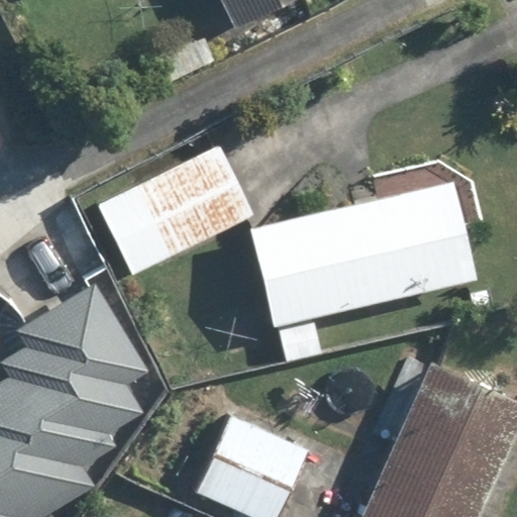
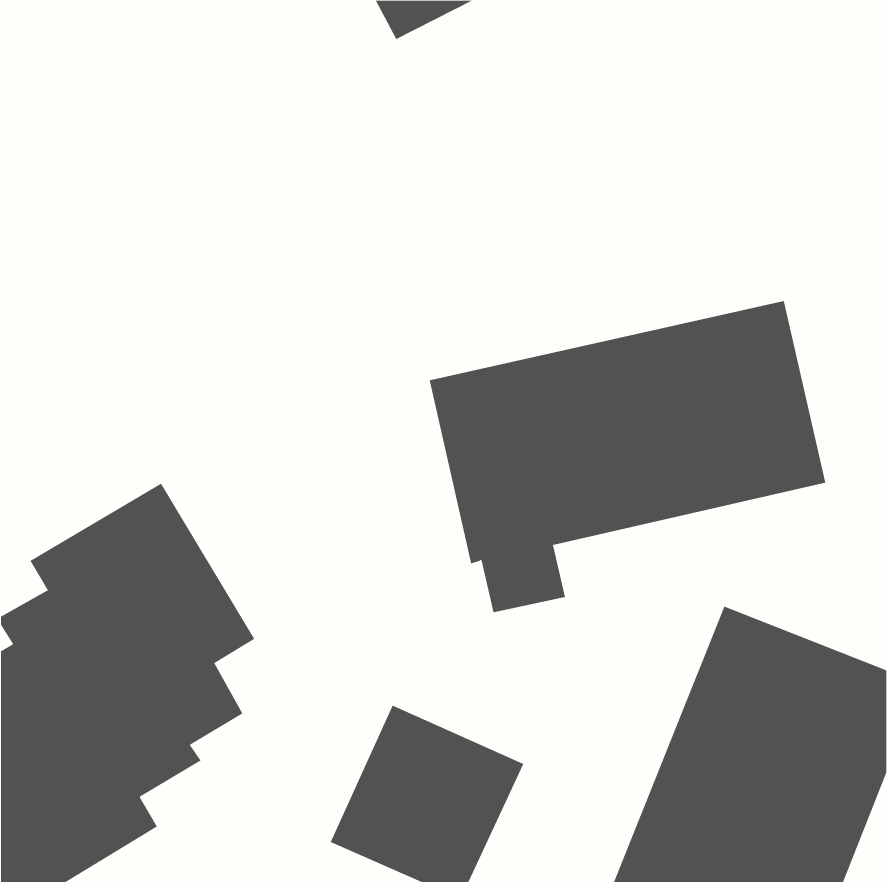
building: [99,145,254,276] -> none

